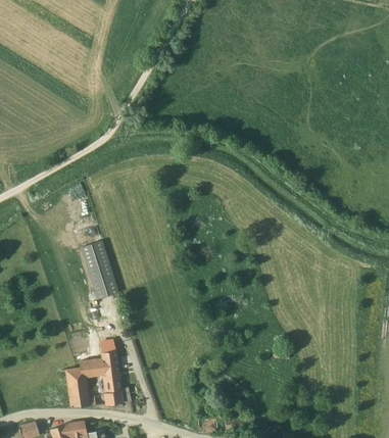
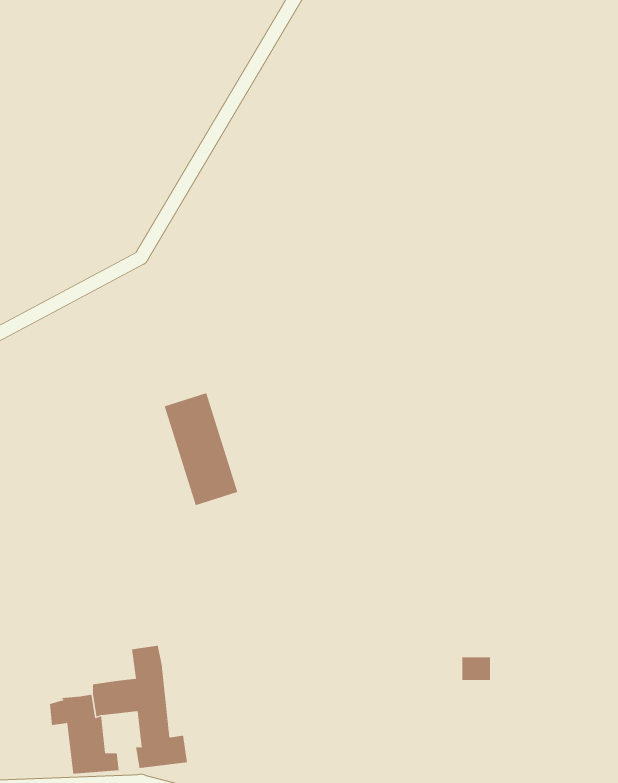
building: [81,240,119,299] -> [164,392,238,506]

